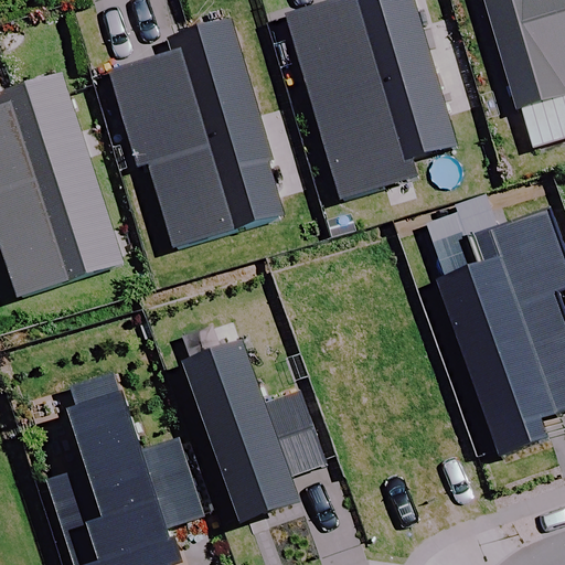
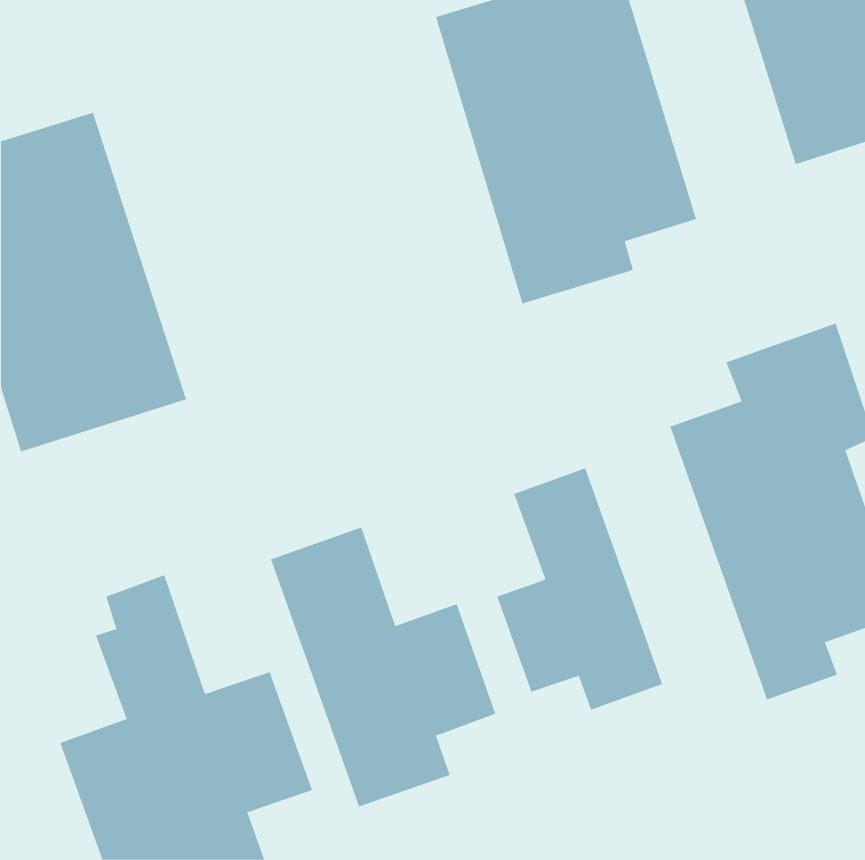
building: [107,18,279,246] -> none
building: none -> [497,468,663,711]

